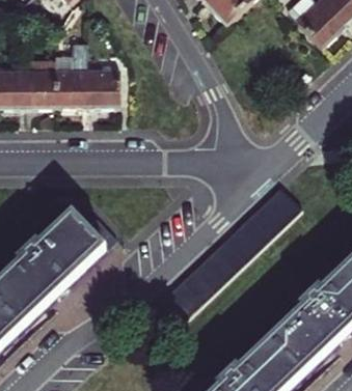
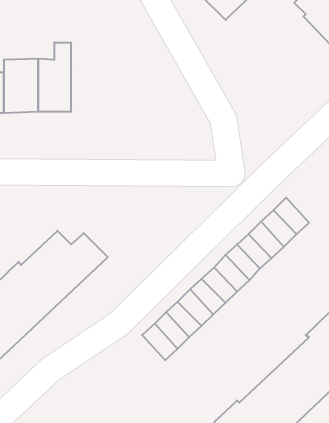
building: [84,68,118,105] -> none

